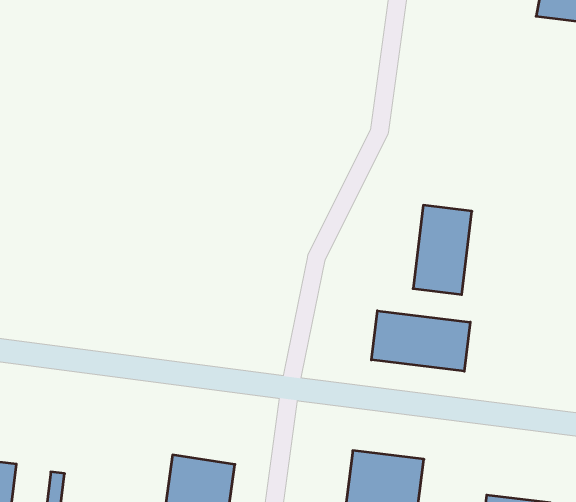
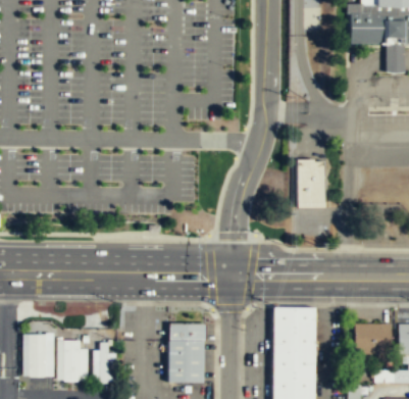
building: [371,311,470,371] -> none

